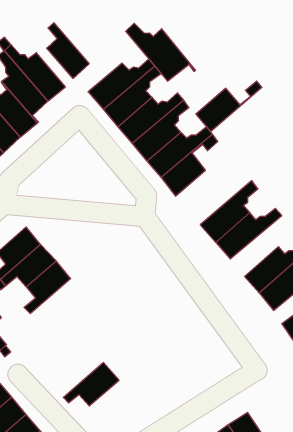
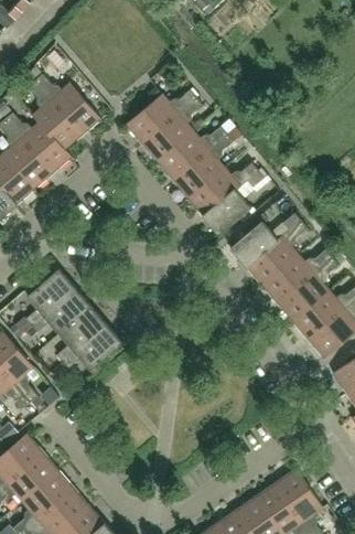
building: [47,23,89,78] -> none
building: [126,23,196,81] -> none
building: [196,81,262,132] -> [229,213,300,267]
building: none -> [277,257,337,322]
building: [63,363,119,406] -> [63,324,122,371]

